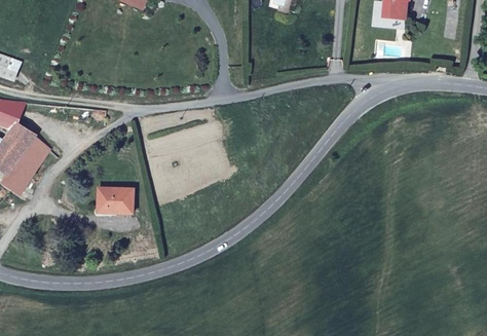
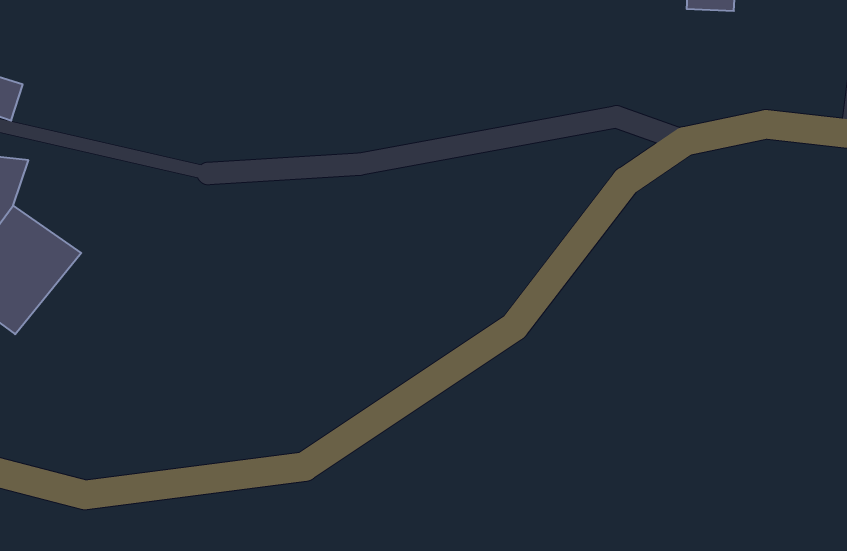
building: [96,186,134,217] -> none

